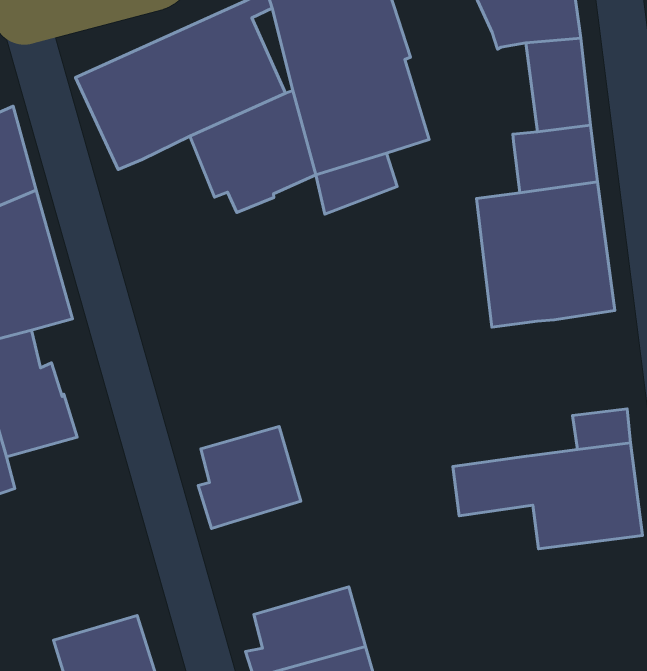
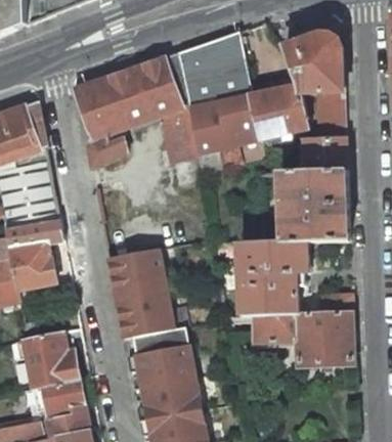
building: none -> [249,84,309,138]
building: none -> [87,135,126,167]
building: none -> [237,240,309,315]
building: none -> [107,245,164,293]
building: none -> [126,323,193,384]
building: none -> [23,330,79,388]

